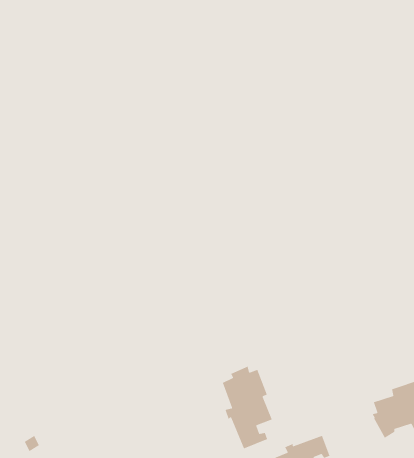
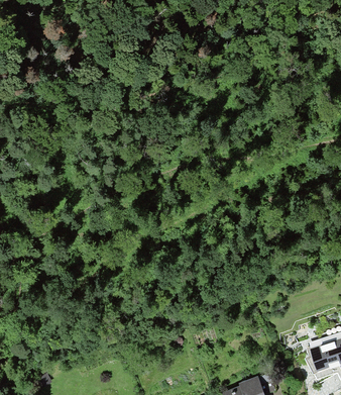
building: [222,366,273,449] -> none

